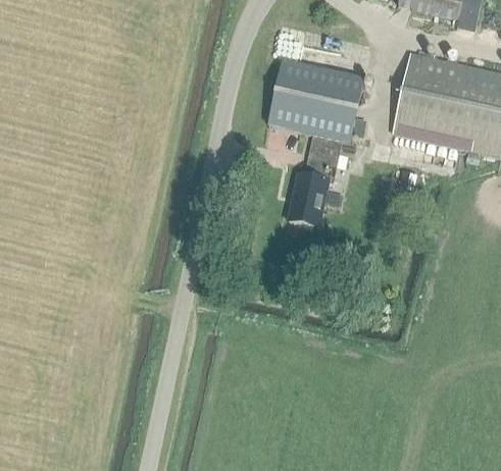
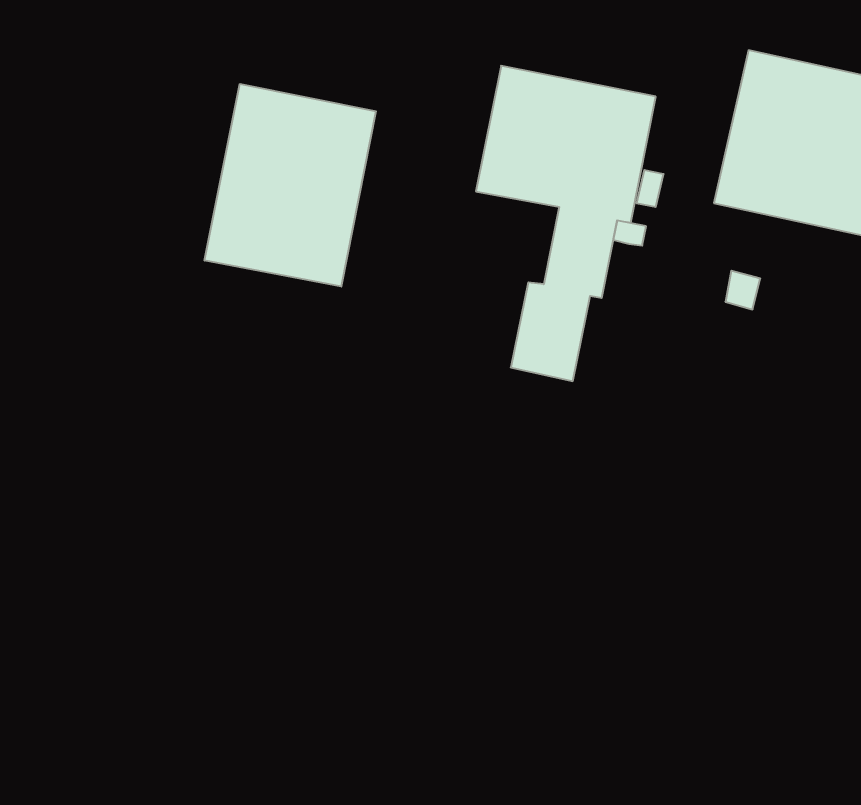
building: none -> [205,84,376,287]

